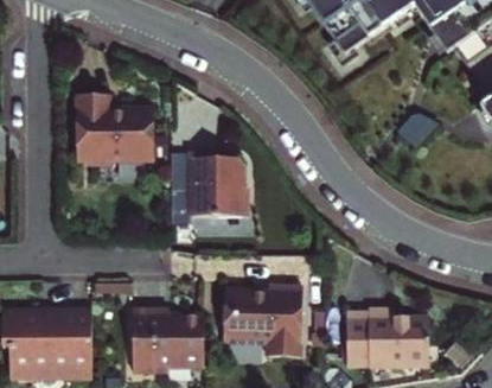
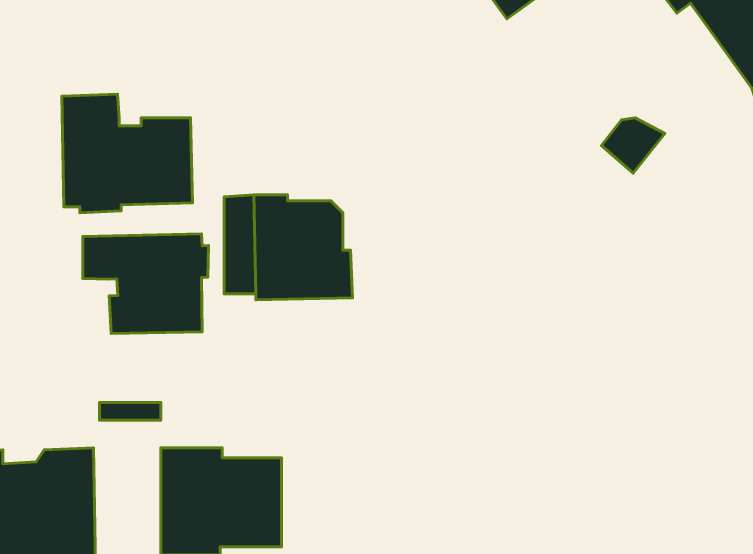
building: none -> [83,234,208,333]
building: [225,286,303,356] -> none
building: [349,306,432,364] -> none

